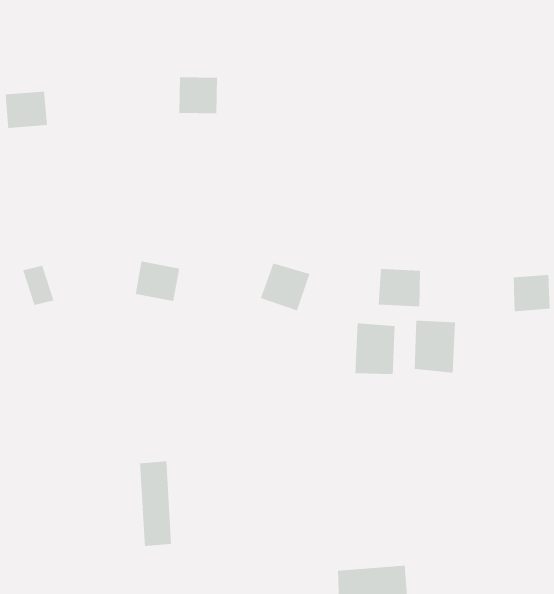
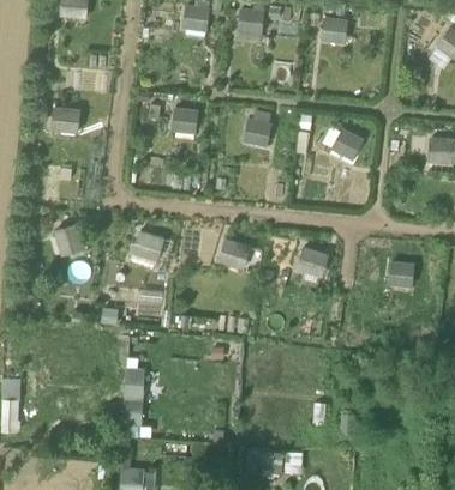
building: none -> [245,109,273,145]
building: none -> [329,126,364,162]
building: [414,320,456,374] -> none
building: [354,322,396,375] -> none

